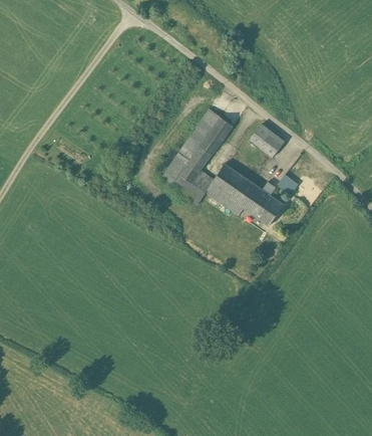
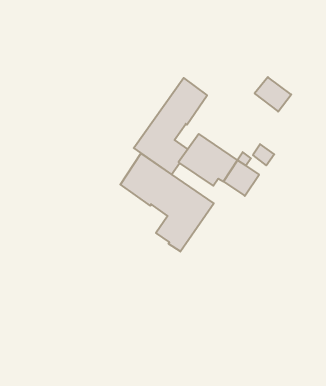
building: [249,124,285,158] -> [255,77,291,112]
building: none -> [120,154,214,252]

